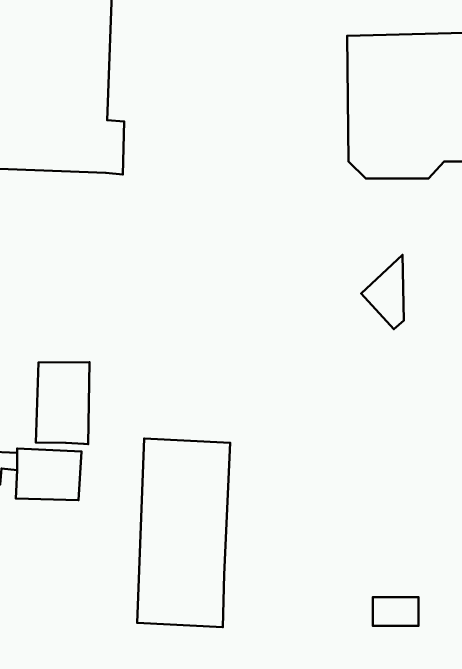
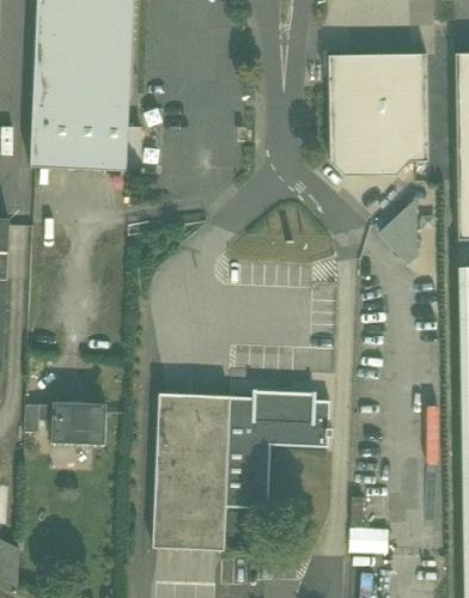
building: [361,255,404,329] -> [380,200,416,262]
building: [36,362,90,444] -> none
building: none -> [226,389,334,507]

